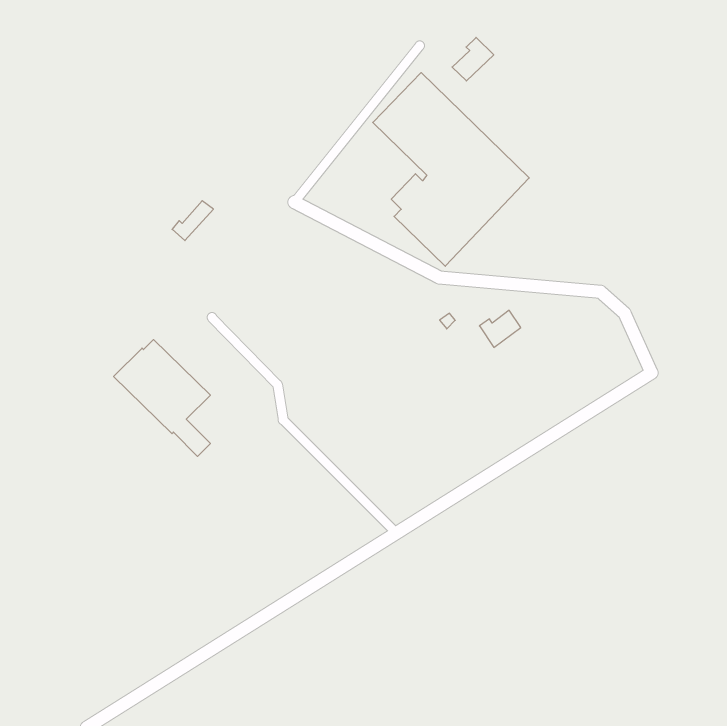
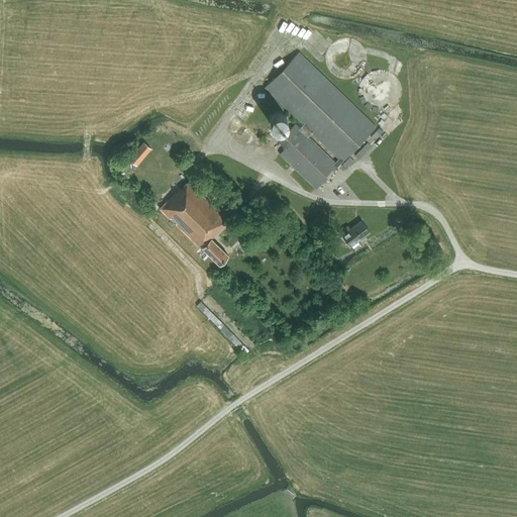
building: [452,37,494,81] -> none
building: [114,340,210,456] -> [160,183,228,266]

